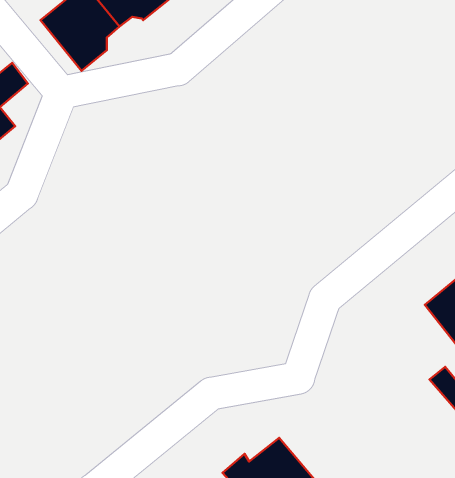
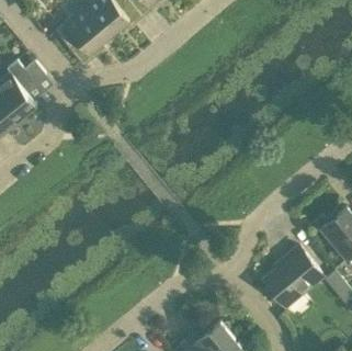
building: none -> [262,246,322,306]

